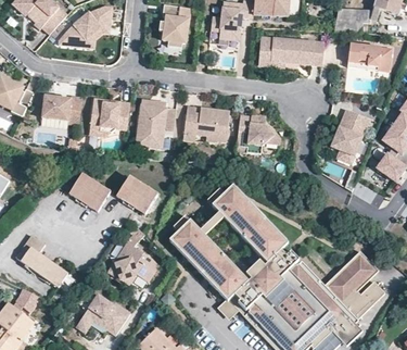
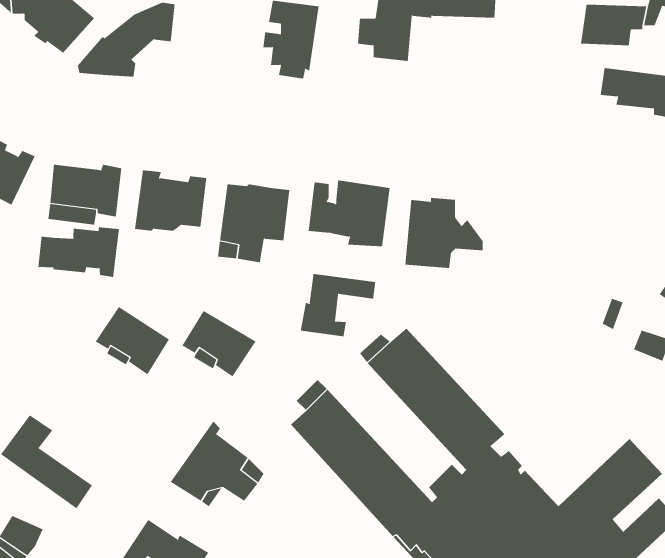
building: [260,38,325,65] -> none
building: [330,108,369,154] -> none
building: none -> [38,226,119,278]
building: none -> [300,273,376,337]

